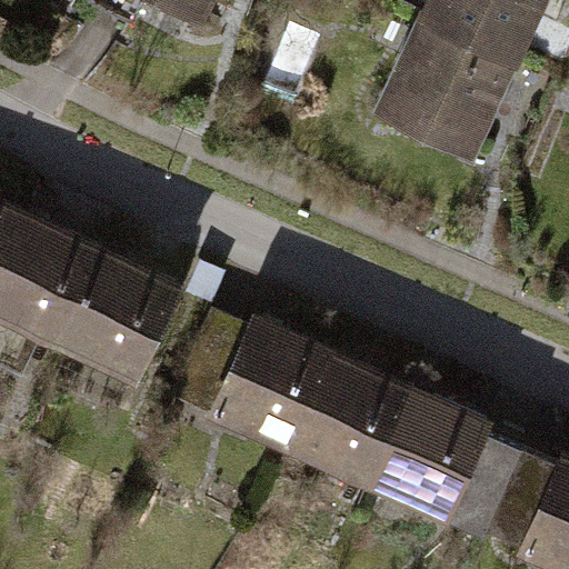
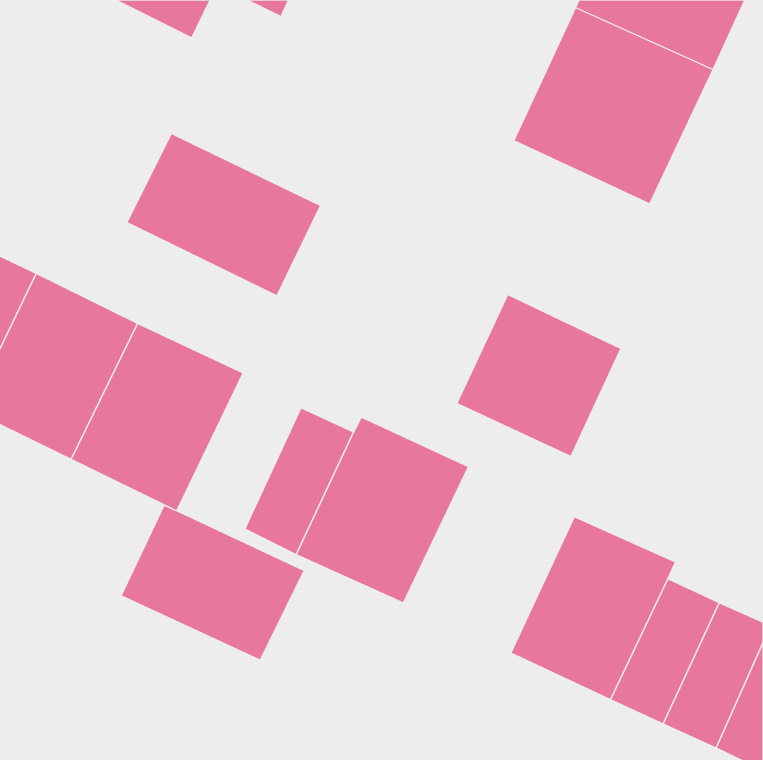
building: none -> [127,133,321,296]
building: none -> [457,295,621,457]
building: [297,352,422,489] -> none
building: none -> [121,505,304,660]

